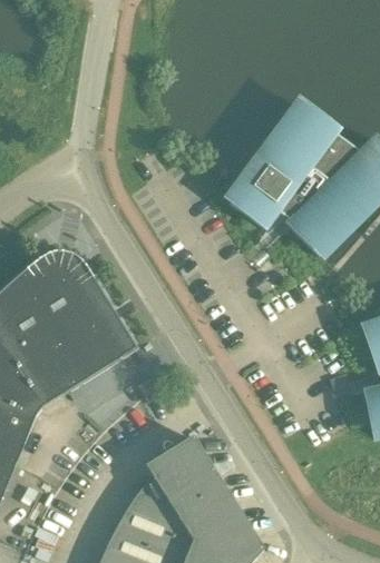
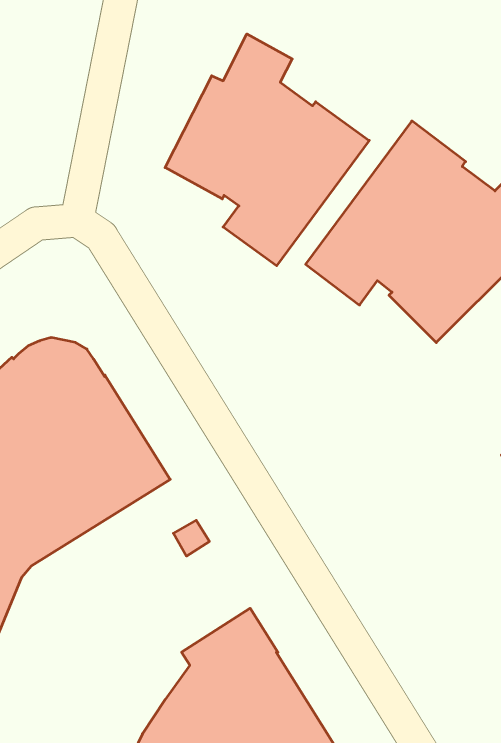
building: none -> [165,34,369,266]

